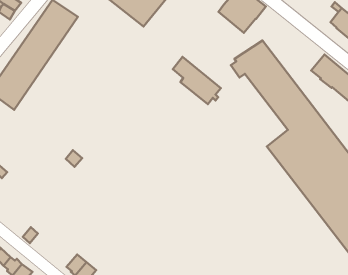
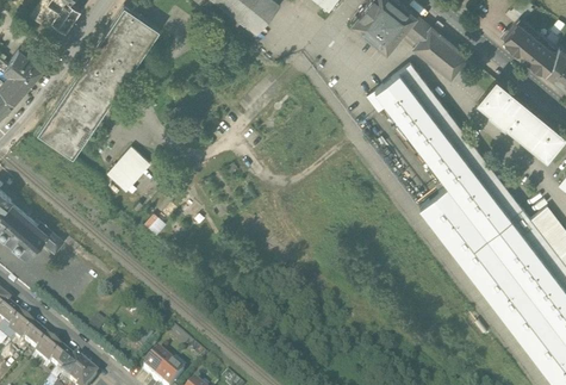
building: [173,57,221,104] -> [404,13,469,77]
building: none -> [111,145,150,187]

